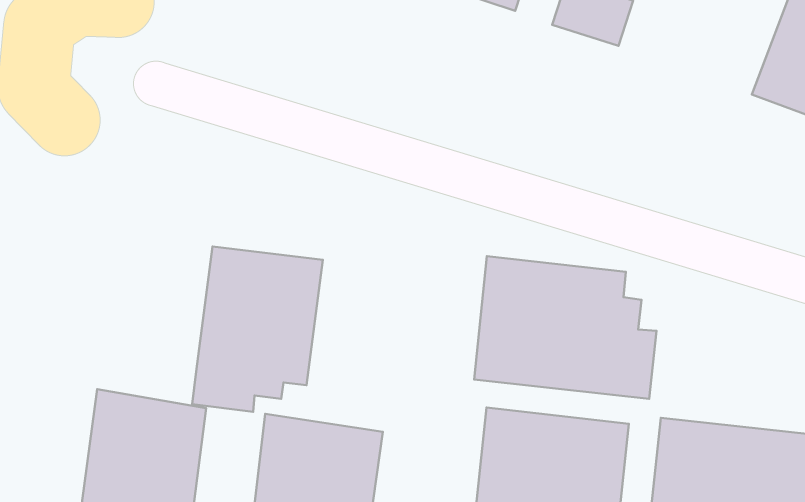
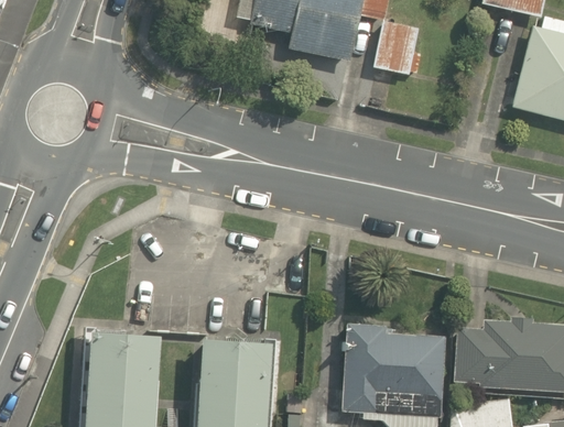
building: [192,246,323,412] -> none
building: [474,256,656,399] -> none

